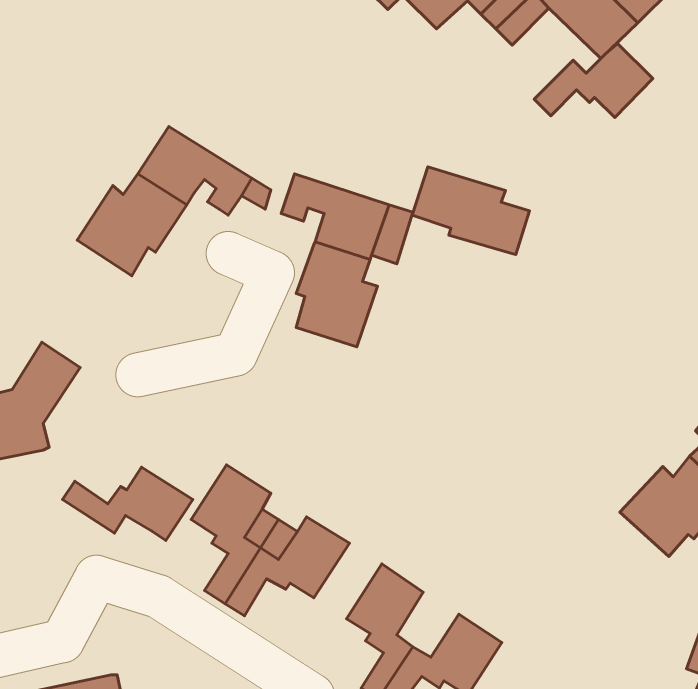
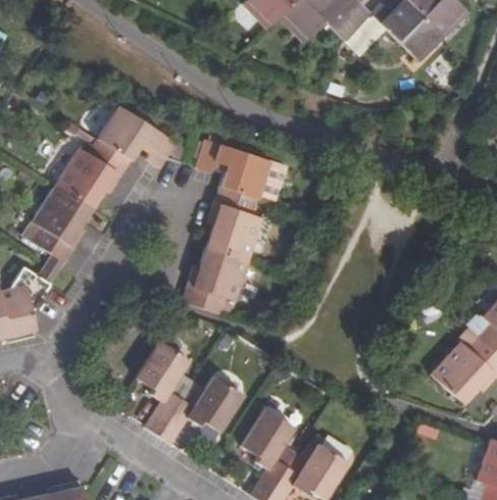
building: [534,43,653,117] -> none
building: [412,167,530,254] -> none
building: none -> [24,185,94,272]
building: none -> [183,245,249,313]
building: [63,467,193,541] -> none

